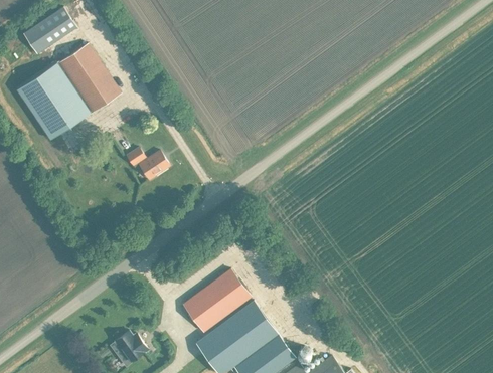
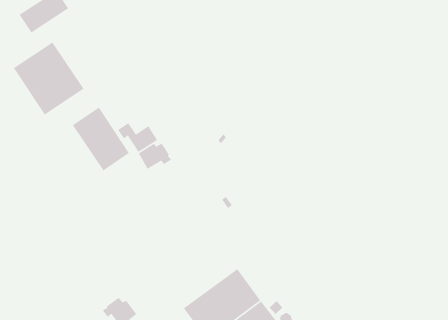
building: [59,43,121,112] -> [71,106,130,171]
building: none -> [138,143,172,170]
building: [183,268,252,332] -> none

